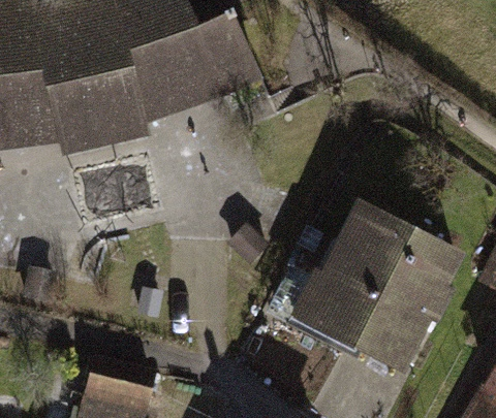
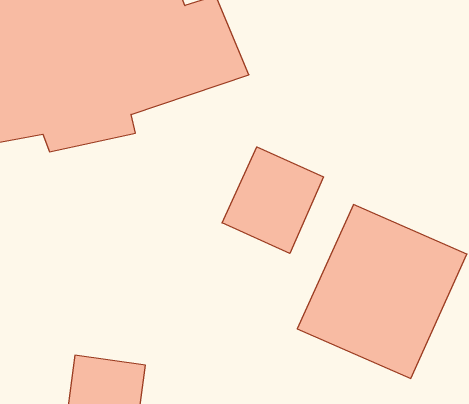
building: none -> [222,147,324,253]

